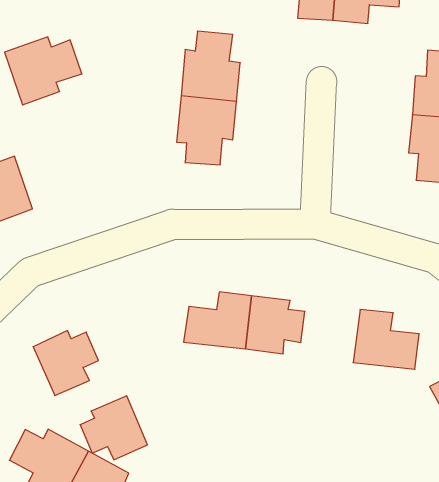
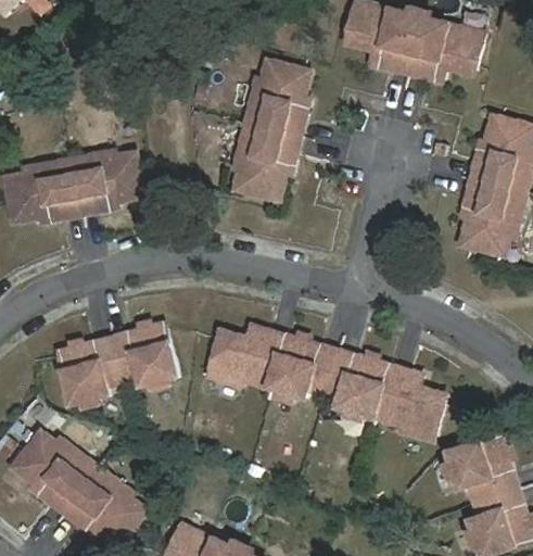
building: [5,37,82,105] -> [67,150,141,214]
building: none -> [325,354,389,417]
building: [80,396,147,460] -> [112,324,176,386]

